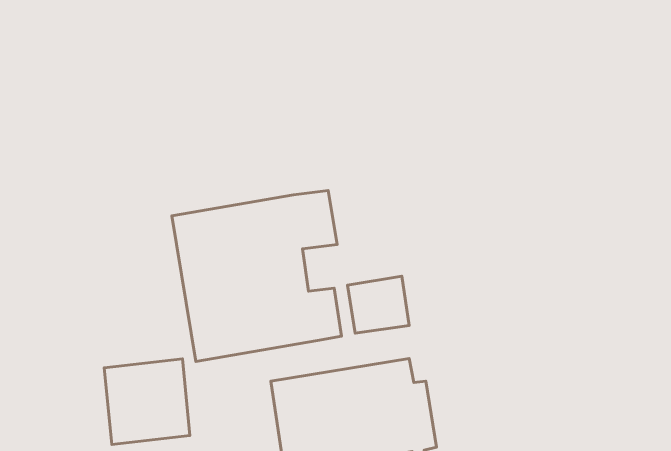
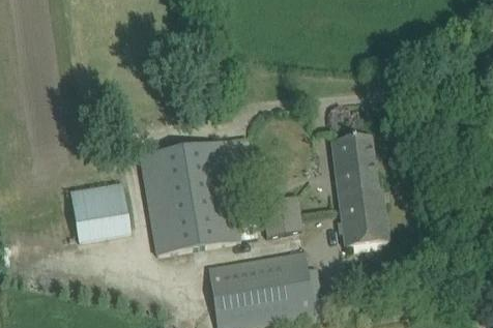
building: none -> [335,136,385,244]
building: [104,359,190,444] -> [79,188,138,247]

